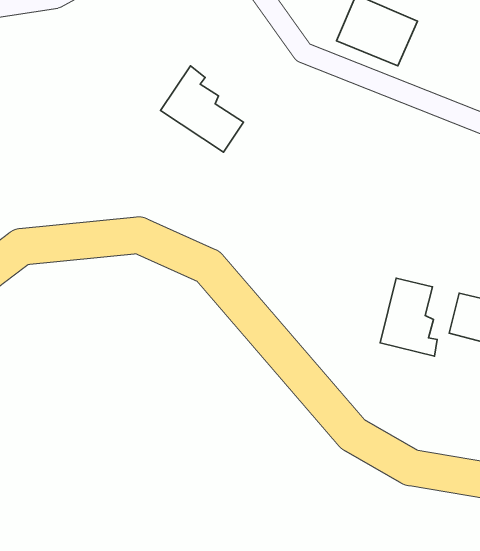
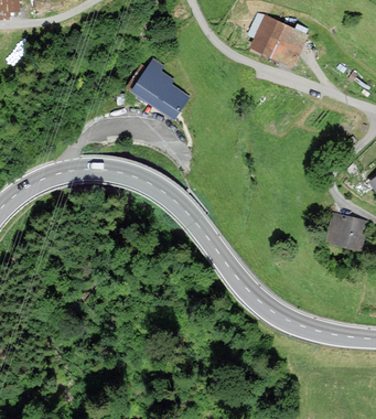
building: [380,278,437,356] -> none

